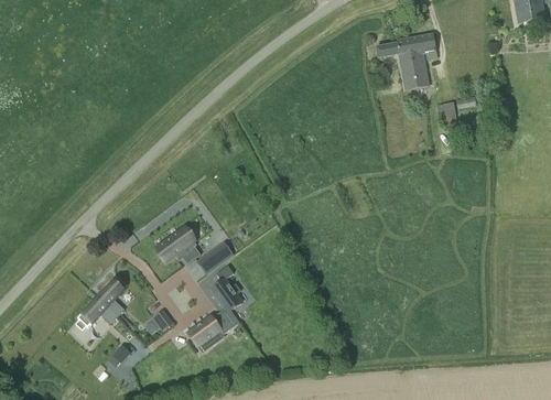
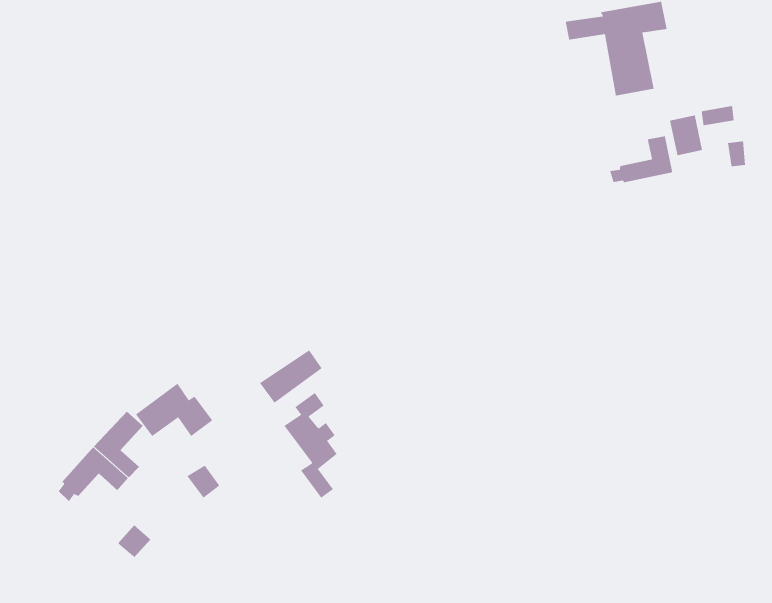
building: none -> [610,136,673,183]
building: [154,230,201,262] -> [135,383,213,437]
building: [187,312,231,346] -> none

